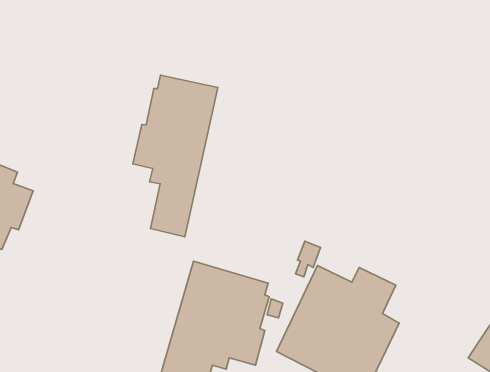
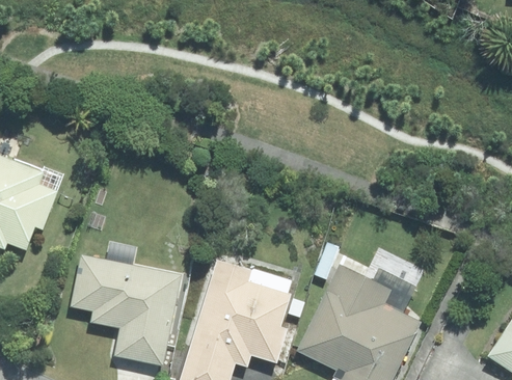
building: [133,75,218,237] -> none
building: none -> [69,241,190,364]

